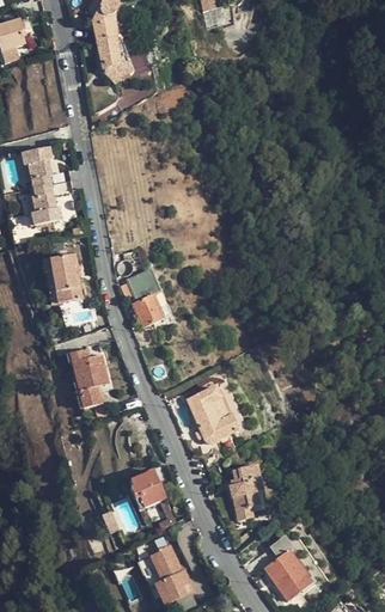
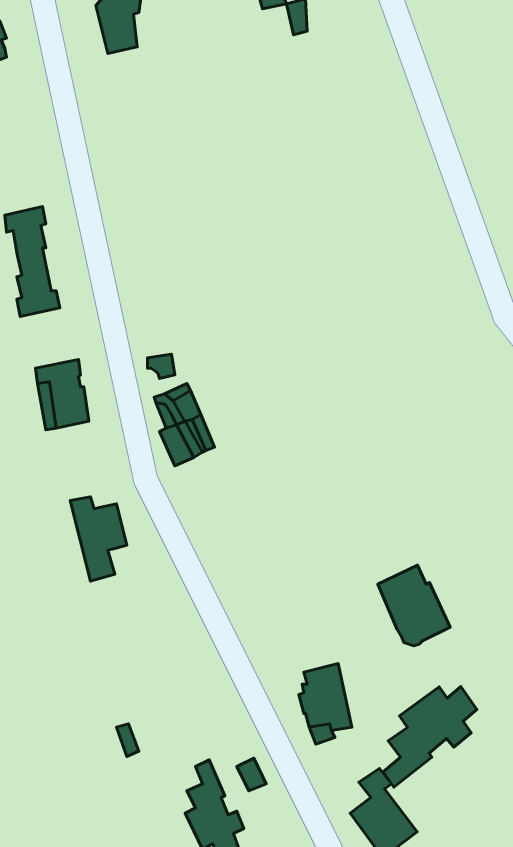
building: [96,35,133,84] -> none
building: [188,386,238,442] -> [378,565,450,646]
building: [129,469,166,507] -> none
building: none -> [383,686,477,787]

